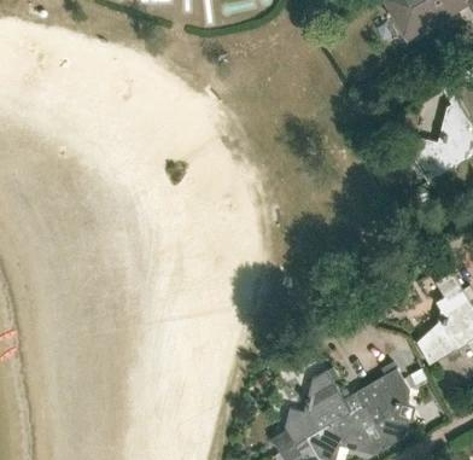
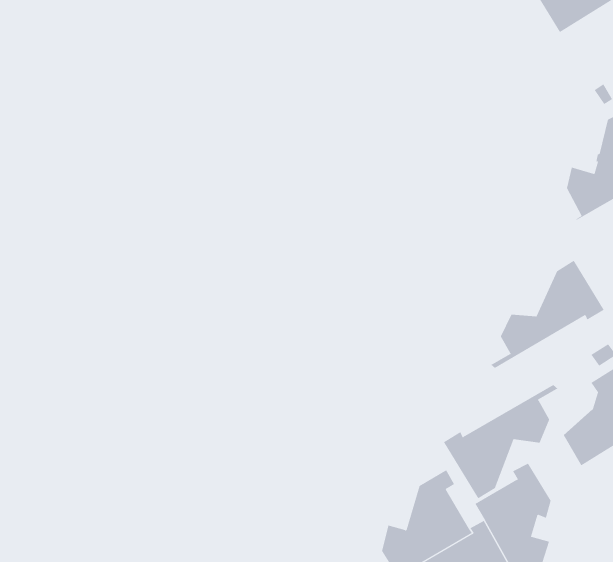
building: none -> [490,260,605,369]
building: none -> [443,384,559,499]

